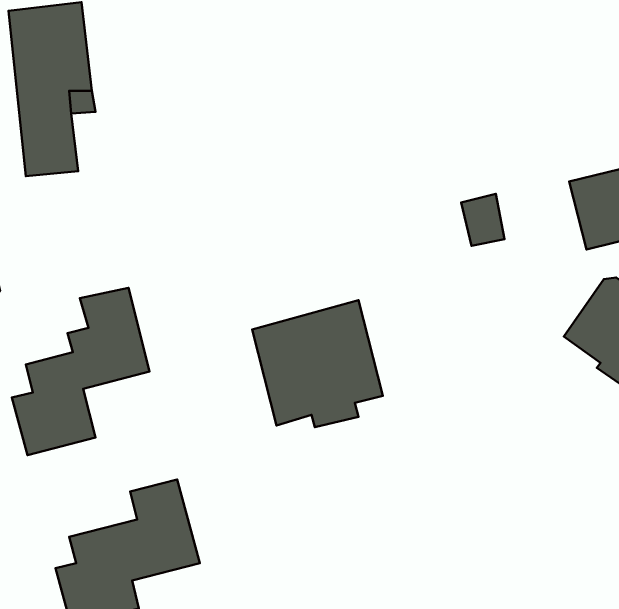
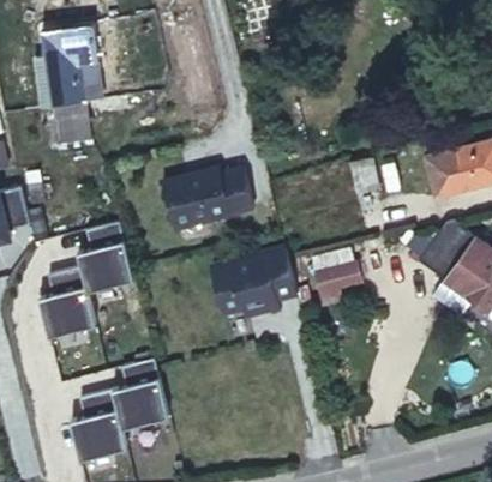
building: none -> [156,169,247,228]
building: none -> [316,260,366,308]

